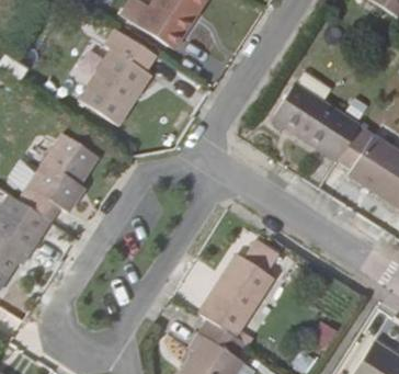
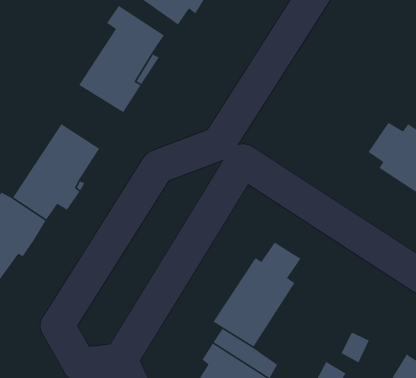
building: [271,82,360,162] -> none

